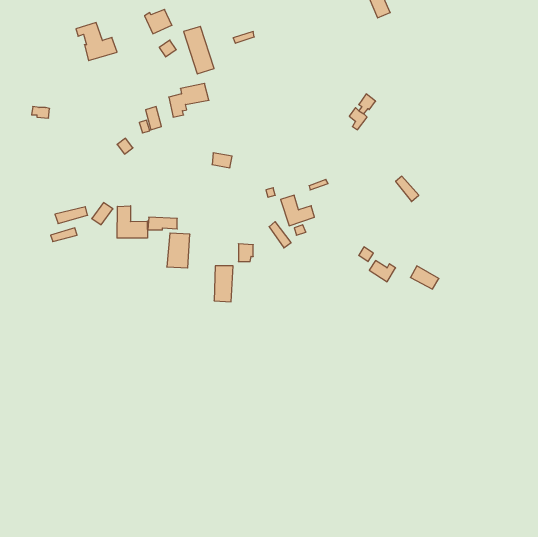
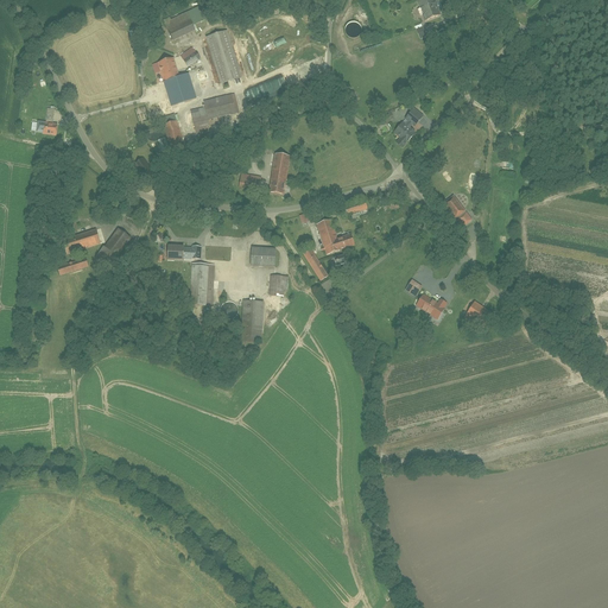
building: [76,23,117,61] -> [151,56,197,99]
building: none -> [268,151,291,195]
building: [117,206,147,238] -> none
building: none -> [251,246,277,265]

